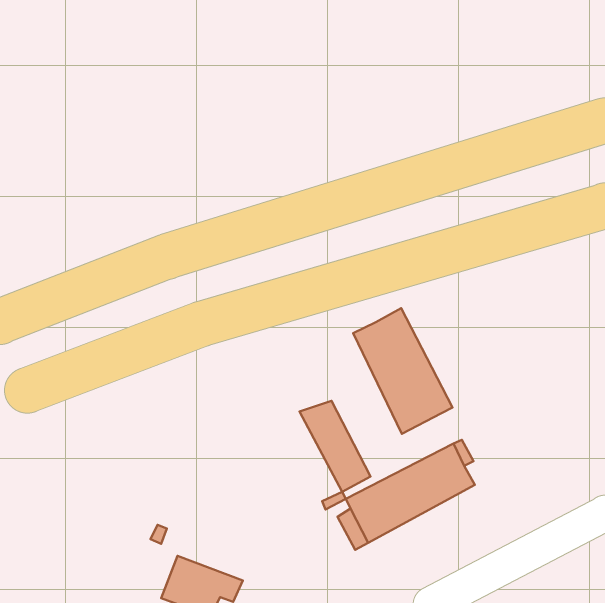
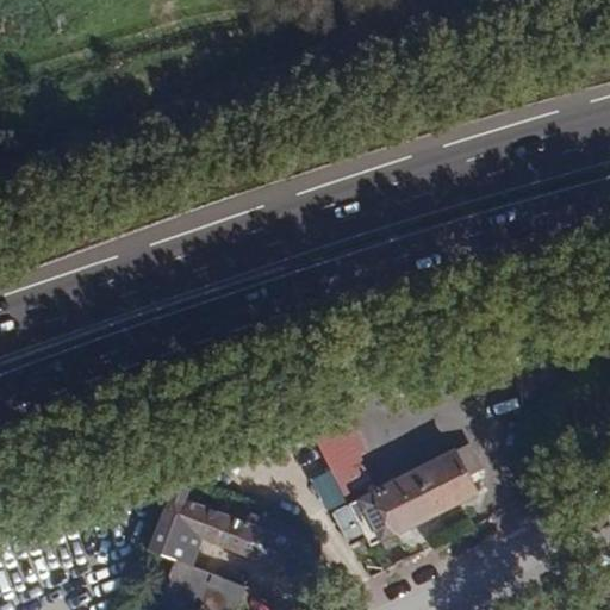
building: [353,308,452,434] -> none
building: none -> [172,499,294,566]

